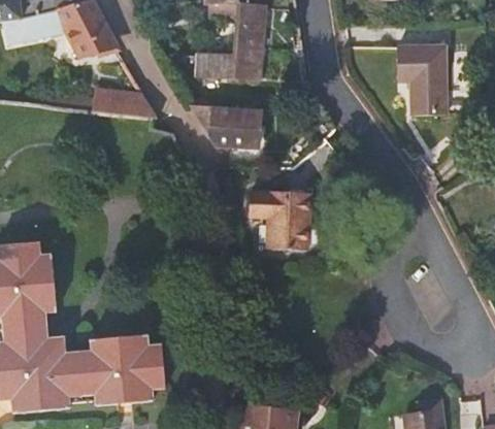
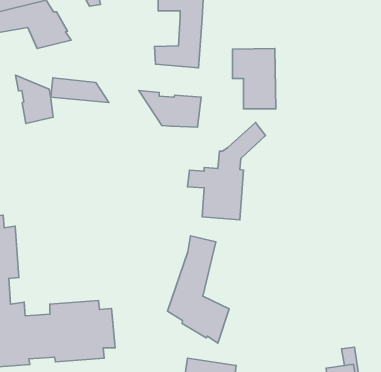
building: [396,45,444,113] -> [233,48,276,109]
building: none -> [15,75,53,124]
building: none -> [168,236,229,343]

